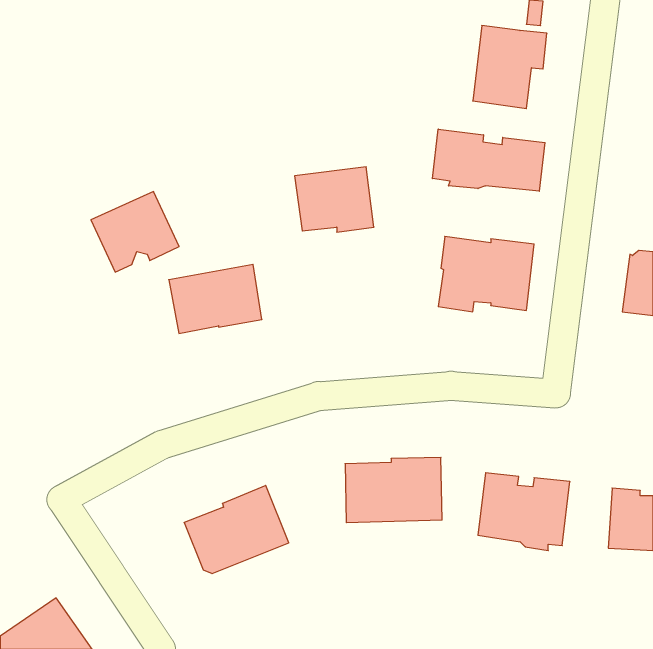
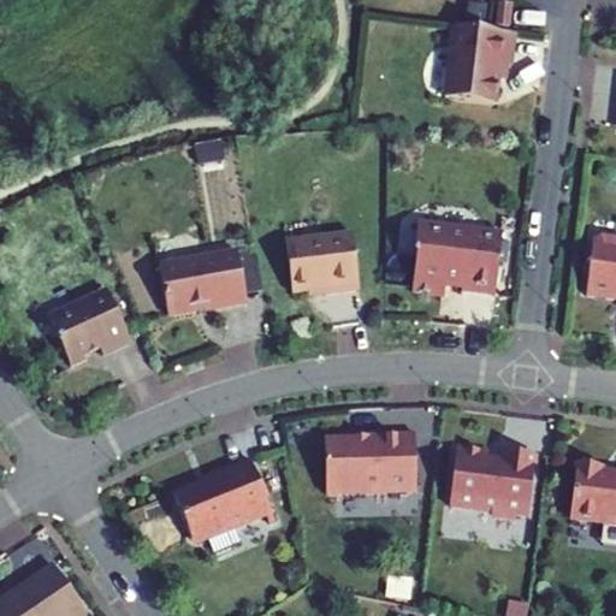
building: [432,129,545,191] -> none
building: [295,167,374,232] -> [285,231,360,292]
building: [91,192,179,272] -> [48,289,131,365]

